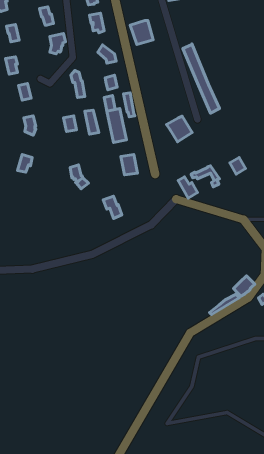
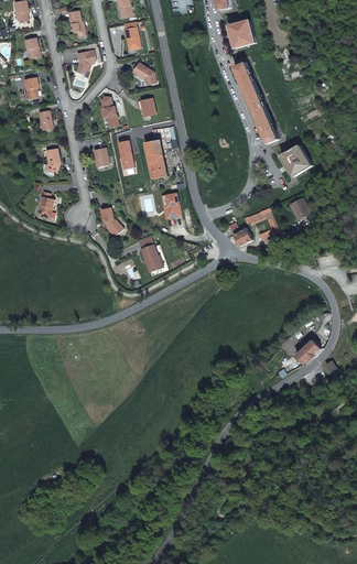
building: [130,21,153,45] -> [228,20,256,48]
building: [166,116,192,142] -> [281,145,312,176]

